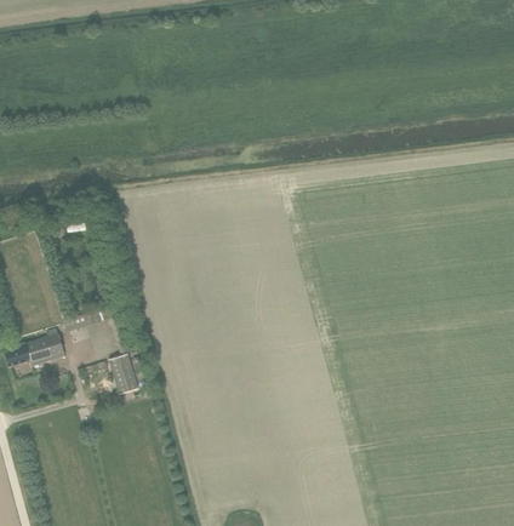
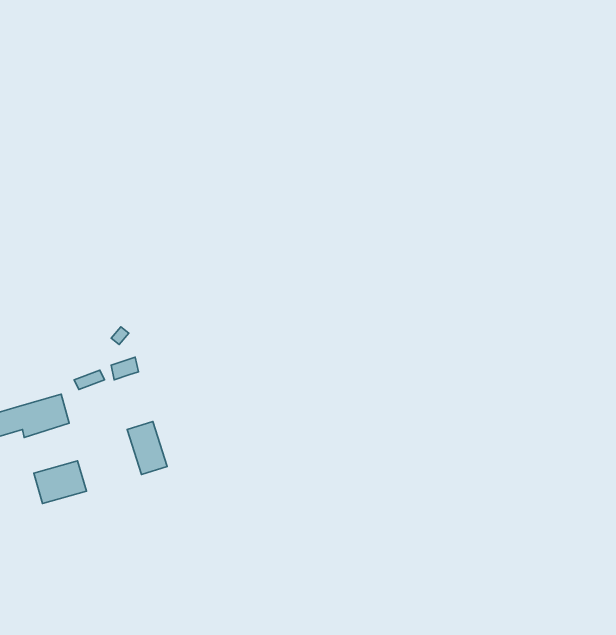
building: none -> [34,461,87,504]

